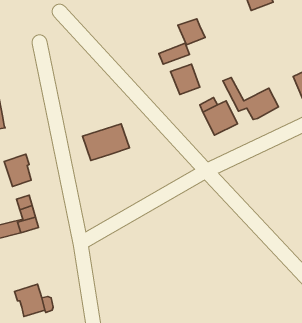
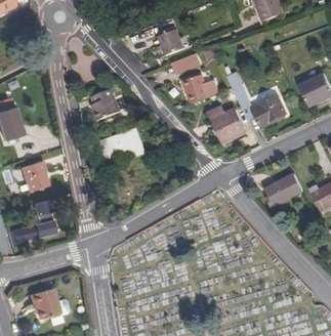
building: [178,19,205,45] -> [156,29,182,54]
building: none -> [89,92,119,123]
building: none -> [267,172,304,206]

